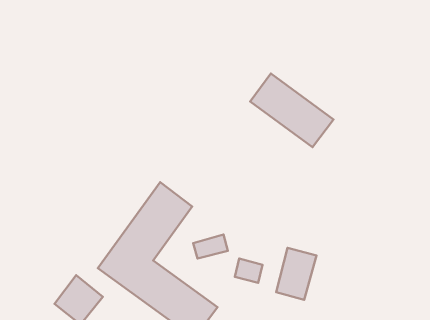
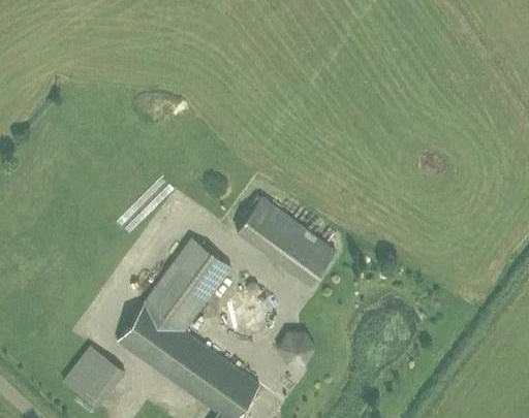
building: [250,74,333,147] -> [237,198,336,286]
building: [276,248,317,300] -> none

